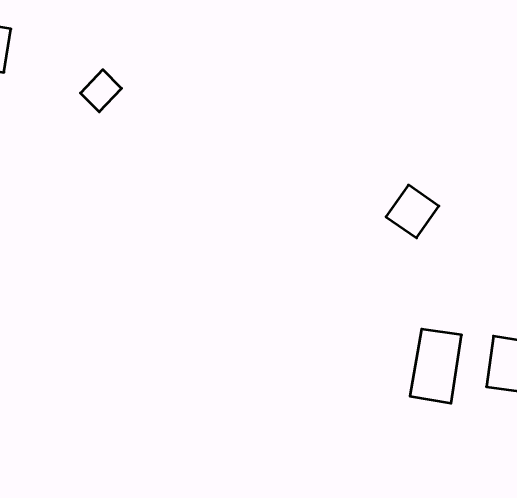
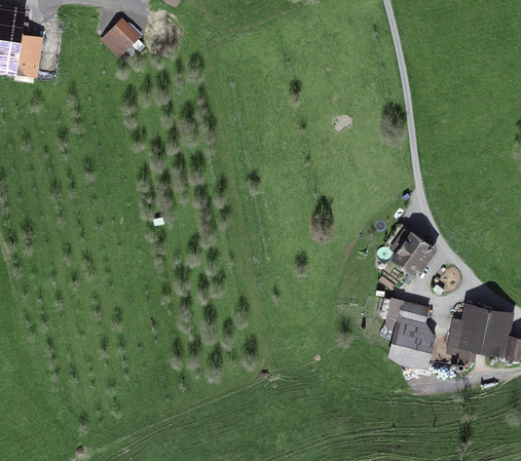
building: [80,70,122,112] -> [100,18,136,55]
building: [386,185,439,238] -> [392,232,438,278]

